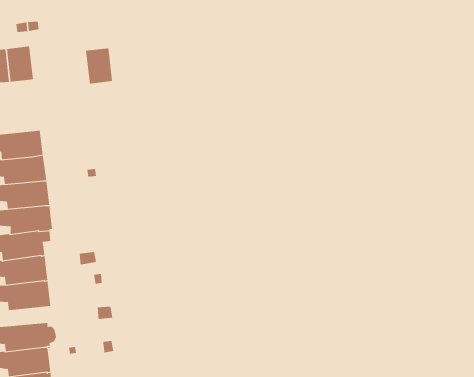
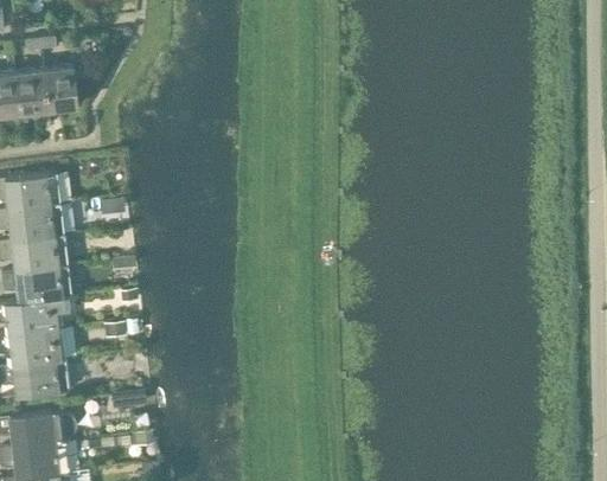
building: [85,48,113,84] -> [45,66,79,111]

